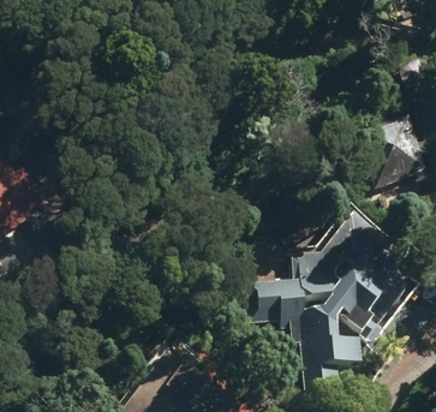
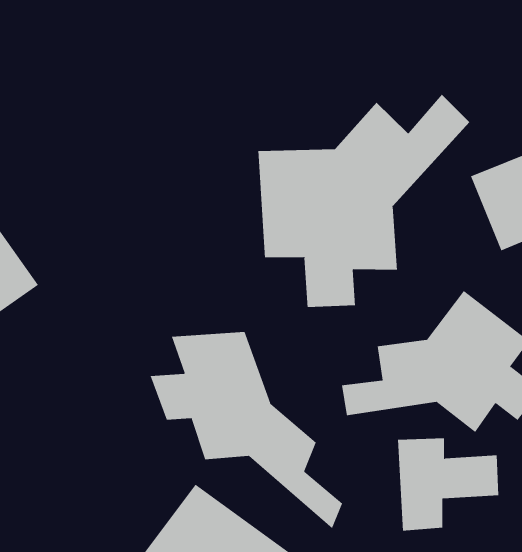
building: none -> [258,94,470,308]
building: none -> [150,331,343,529]

